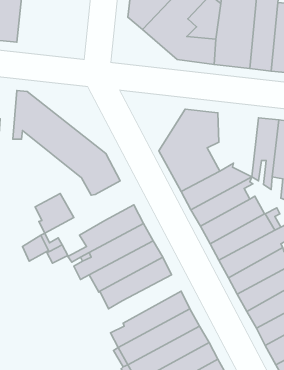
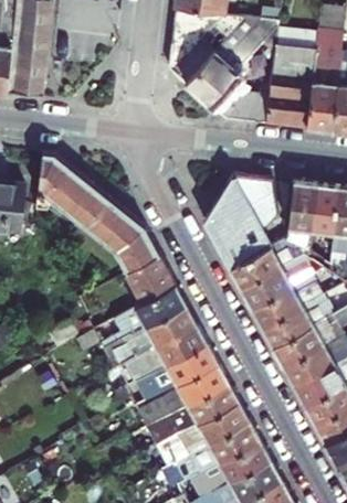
building: none -> [287,182,317,253]
building: [35,193,74,233] -> [130,257,175,302]
building: none -> [138,364,229,426]

